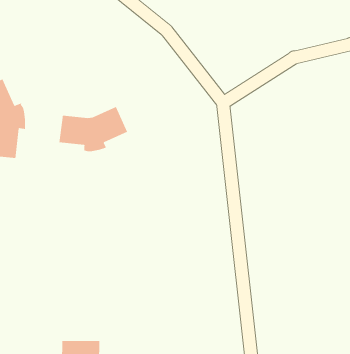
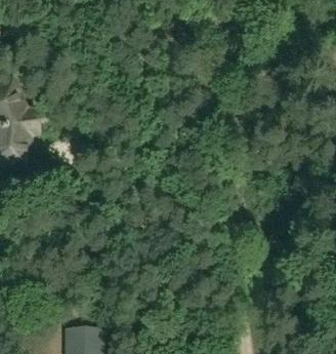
building: [59,106,128,152] -> none

